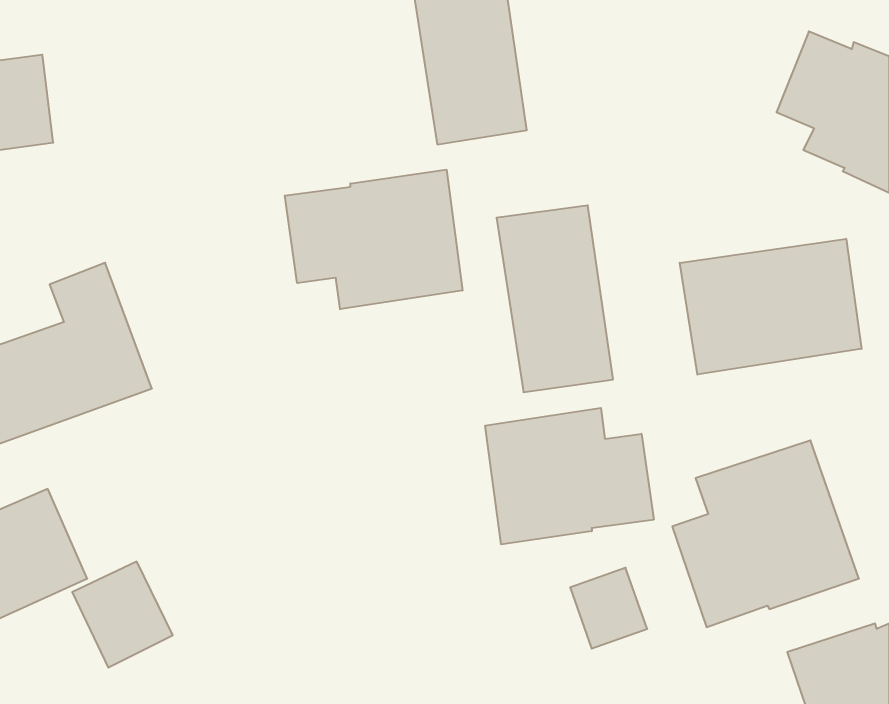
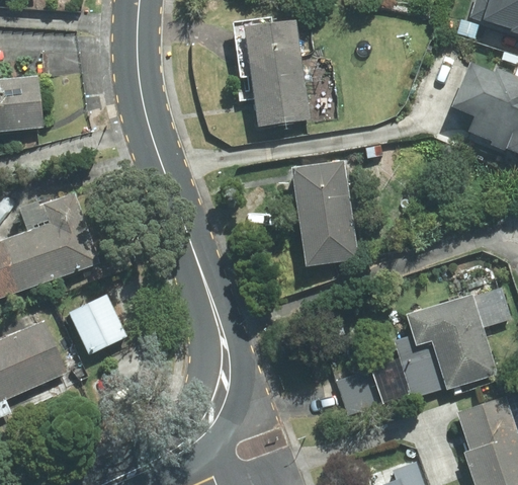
building: [285,170,462,309] -> none
building: [680,239,862,375] -> none
building: [485,408,654,544] -> none
building: [72,562,173,667] -> [67,294,123,353]

